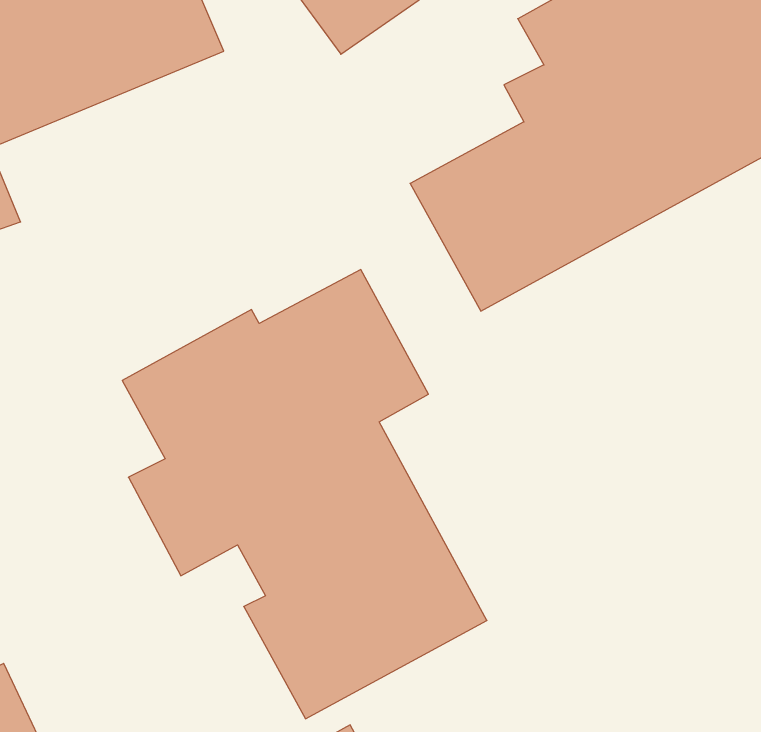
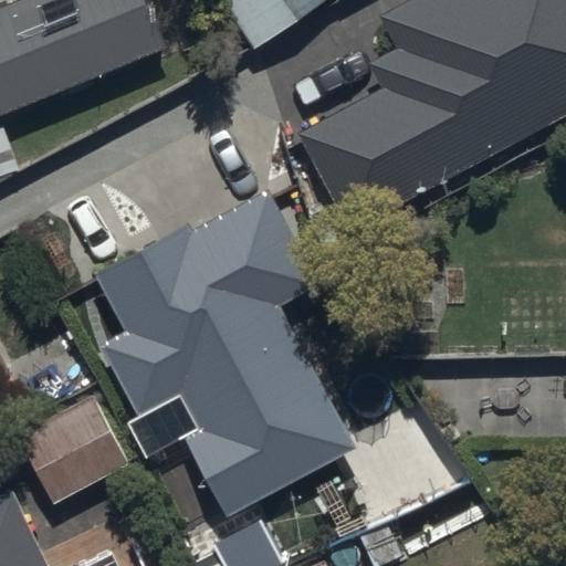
building: none -> [17,388,130,499]

